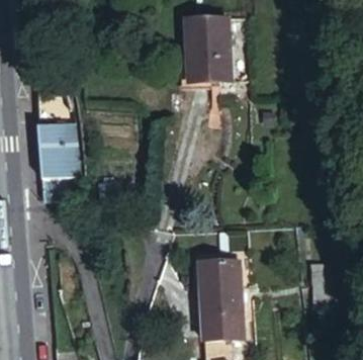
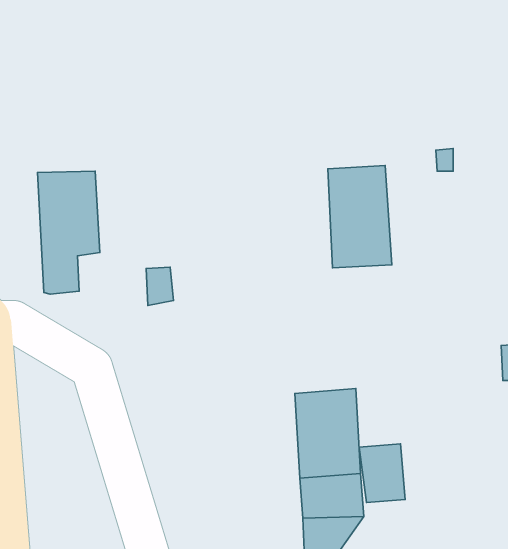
building: [189,17,230,82] -> [328,166,392,268]
building: none -> [359,444,405,503]

